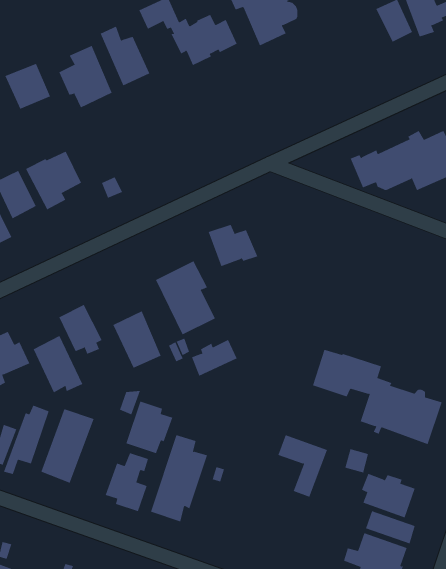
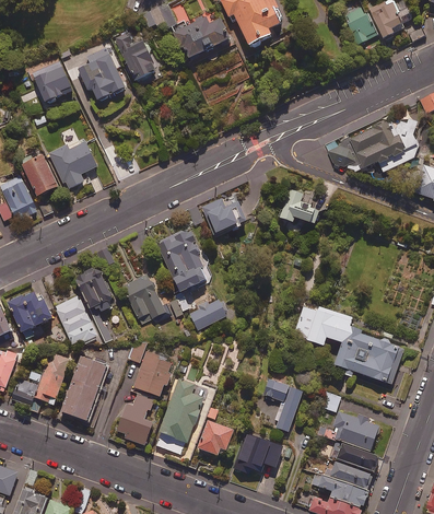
building: none -> [278,189,327,226]
building: none -> [198,420,234,455]
building: none -> [233,432,283,472]

